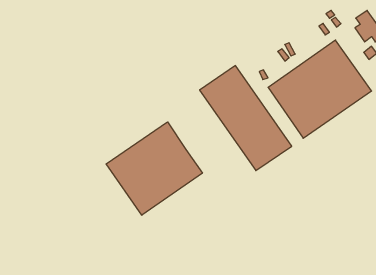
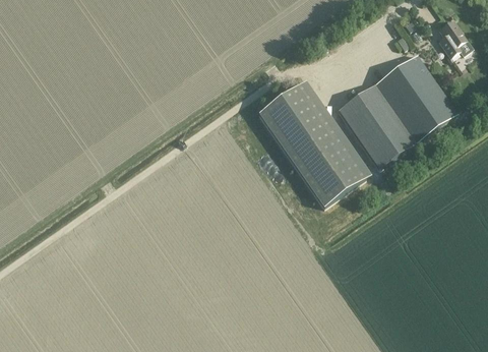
building: [106,122,202,215] -> none

